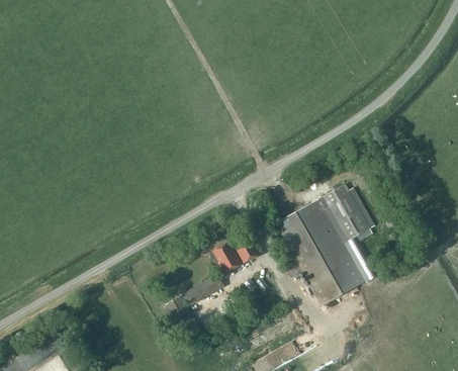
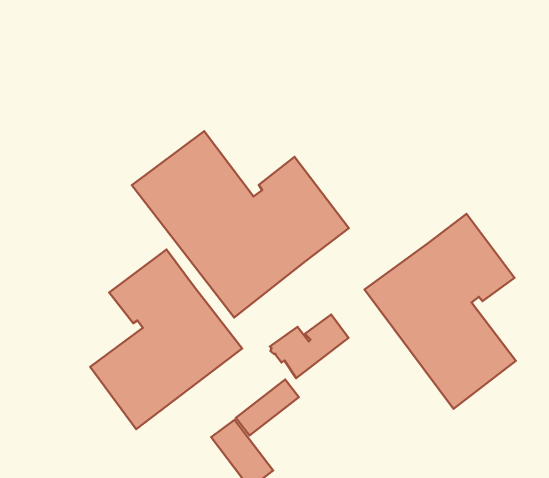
building: none -> [132,131,349,318]
building: none -> [90,250,242,429]

